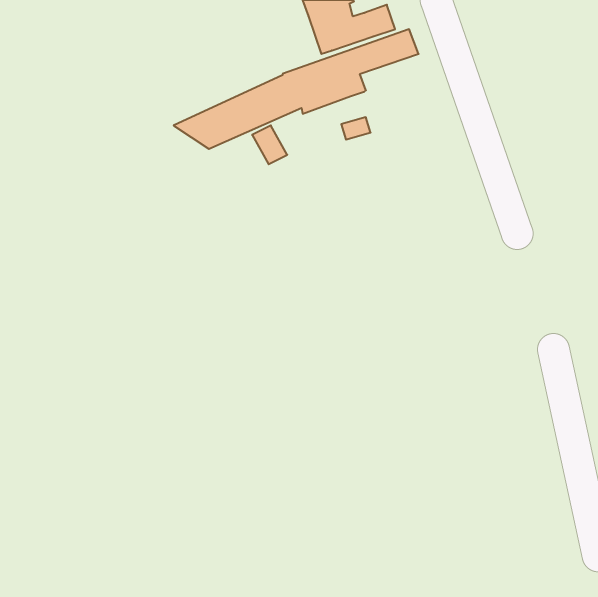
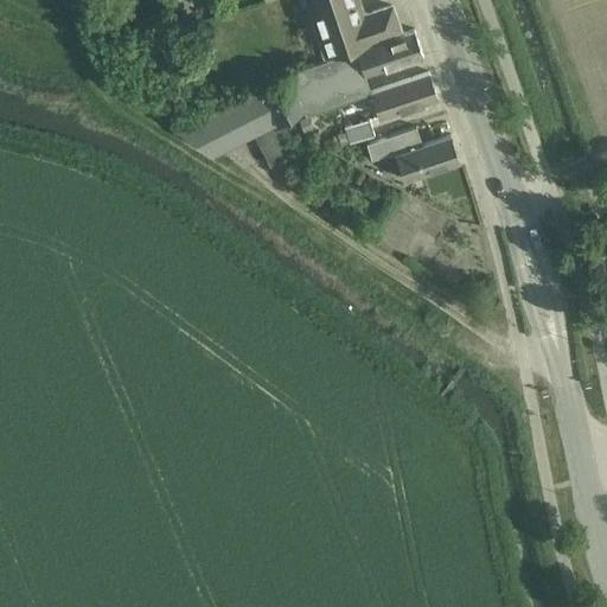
building: none -> [369,74,437,120]
building: none -> [368,128,459,180]

